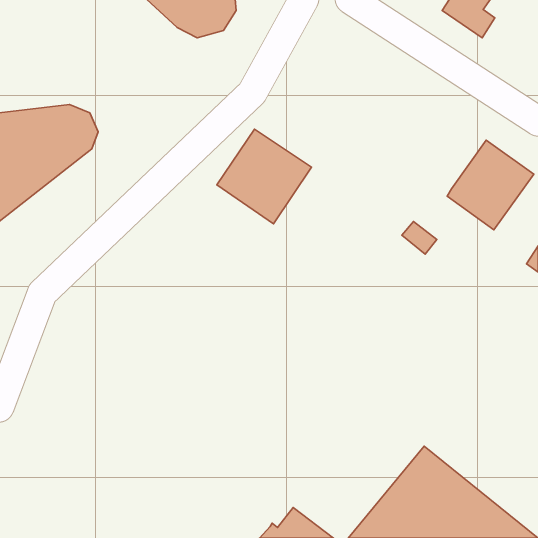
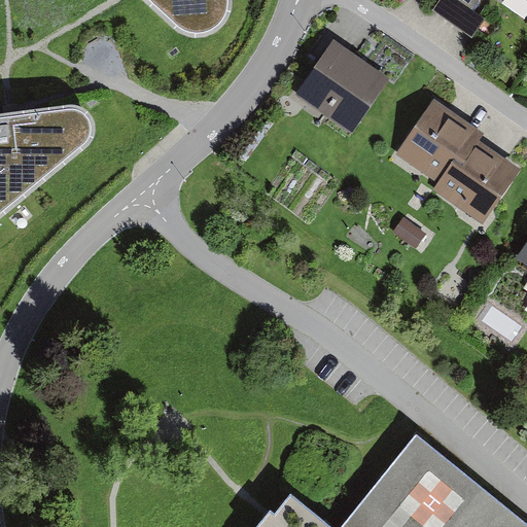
building: none -> [395,100,480,184]
building: [217,129,312,224] -> [295,40,388,133]

